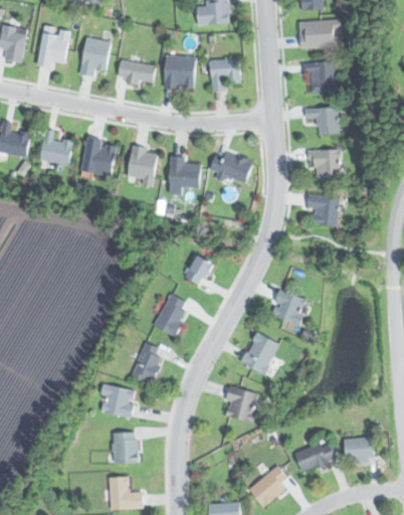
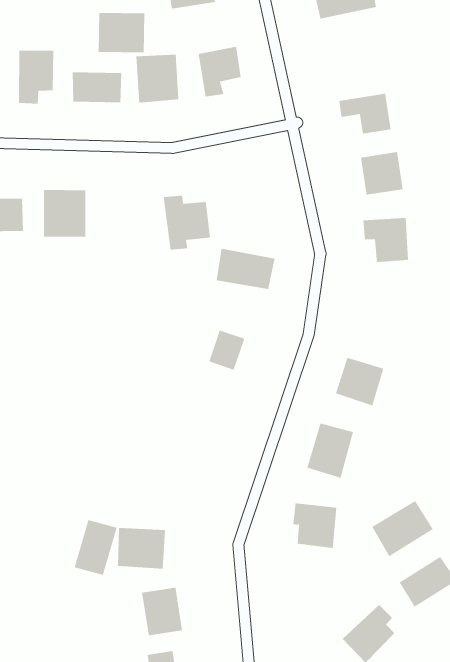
building: none -> [98,12,145,53]
building: [302,62,335,93] -> none
building: [128,146,158,186] -> none
building: [209,150,253,184] -> [216,248,275,290]
building: [154,294,189,334] -> none
building: [131,342,166,383] -> [74,519,118,576]
building: none -> [372,500,434,557]

